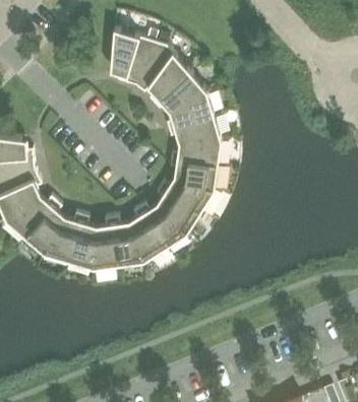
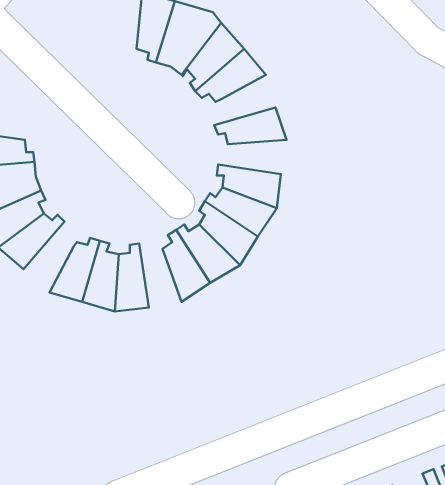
building: [166,92,214,130] -> none
building: [171,141,222,166] -> none
building: [25,202,65,255] -> none
building: [112,217,143,266] -> none

